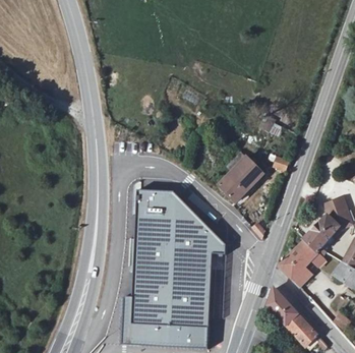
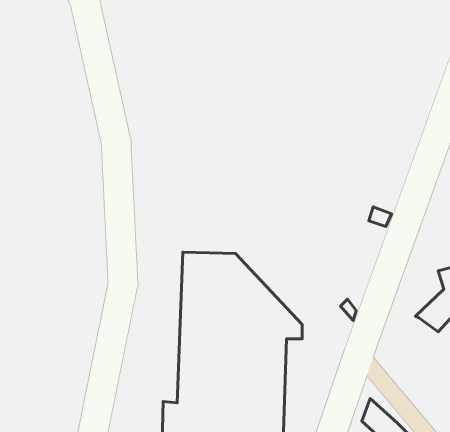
building: [214,157,262,204] -> none
building: [283,236,321,282] -> none

